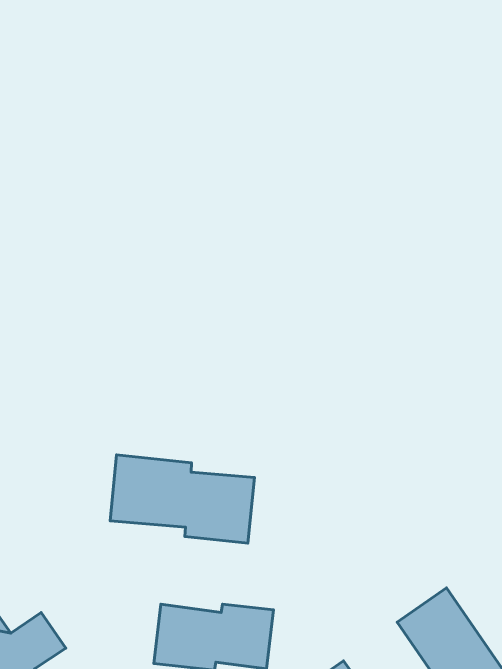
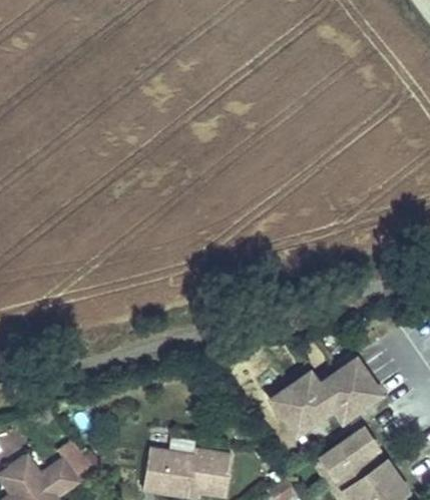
building: [110,455,254,543] -> none
building: none -> [272,360,382,437]

